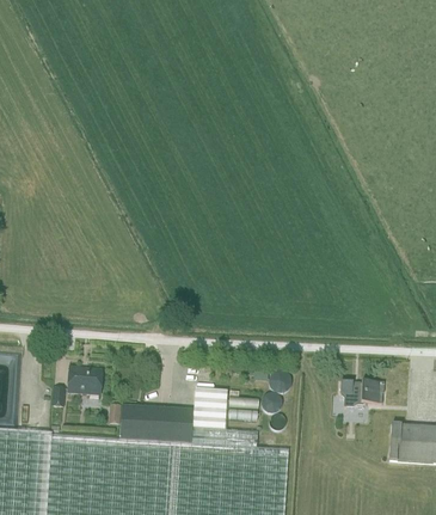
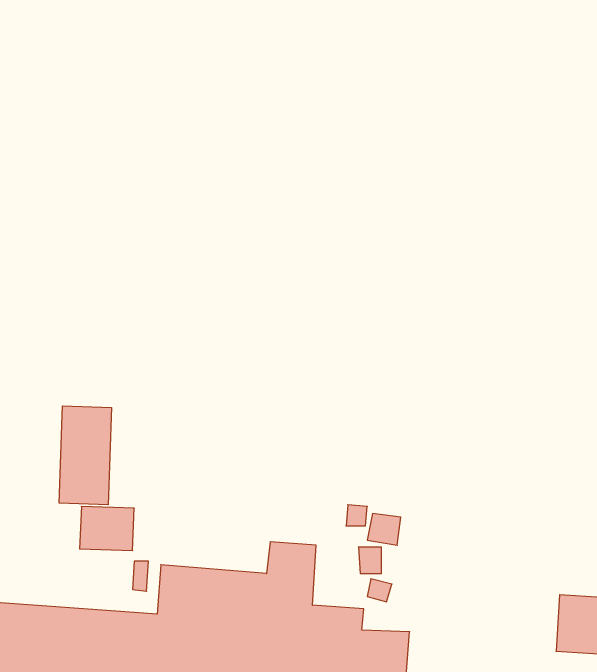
building: none -> [59,406,111,505]
building: [339,382,381,407] -> none

